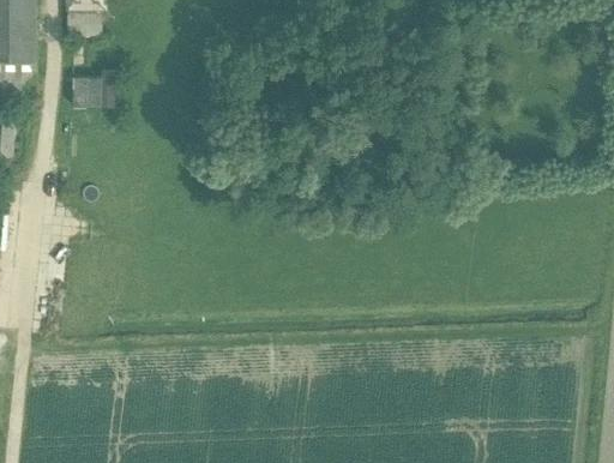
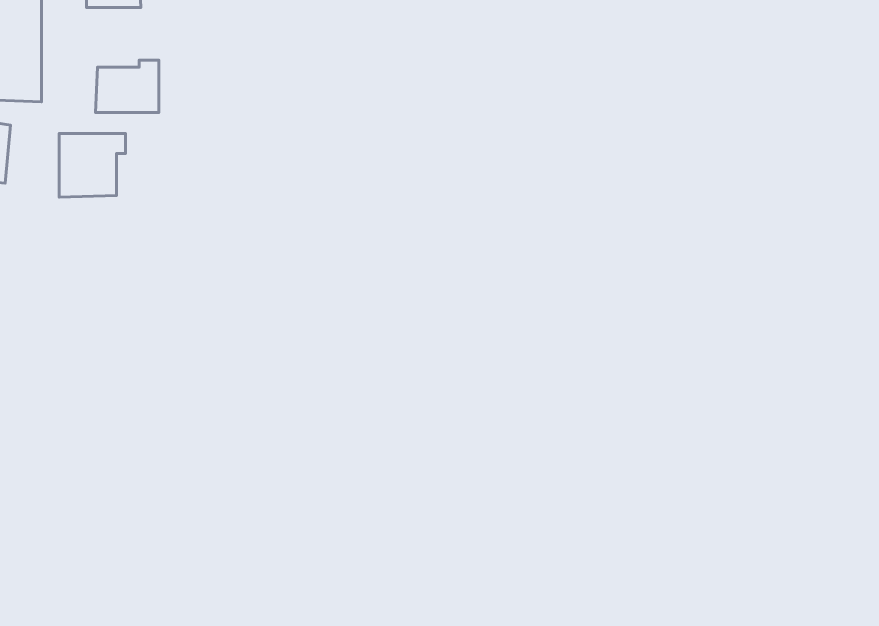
building: none -> [59,134,126,197]

